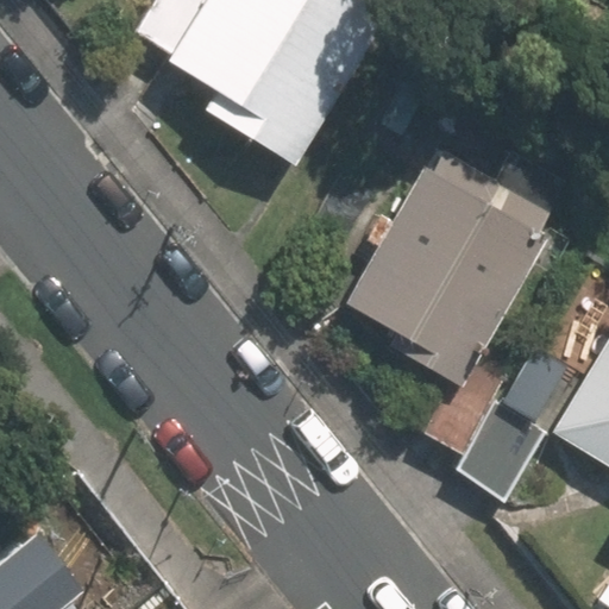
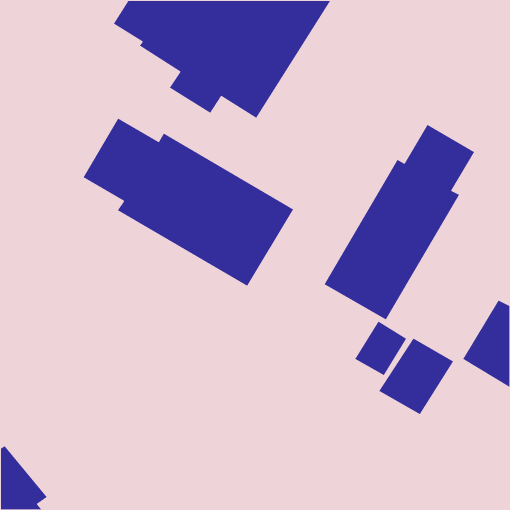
building: none -> [83,118,294,287]

